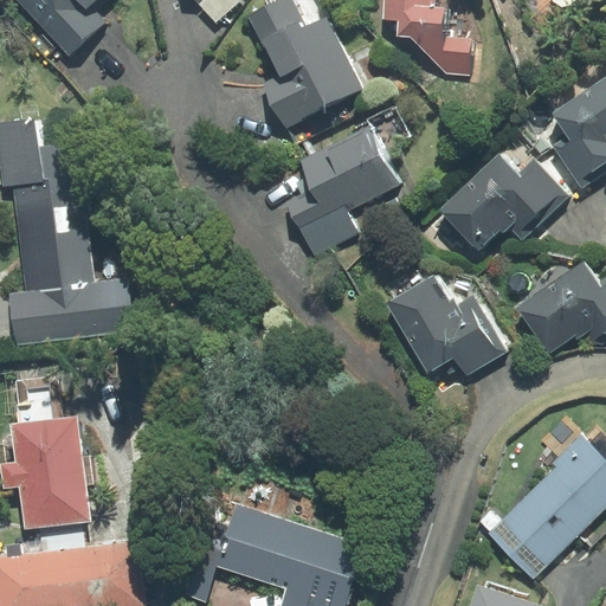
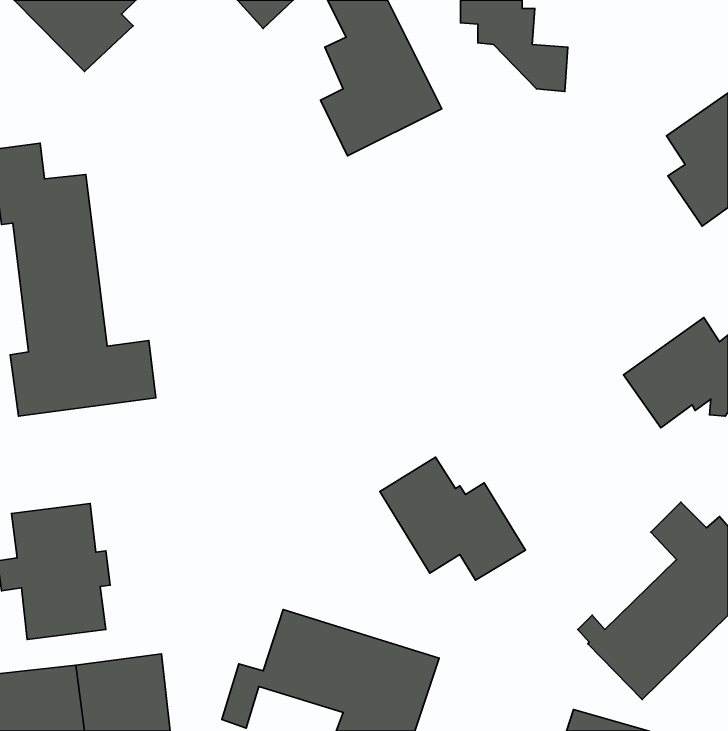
building: [289,128,400,232] -> none
building: [438,155,568,251] -> none
building: [385,275,505,376] -> [380,457,526,580]

